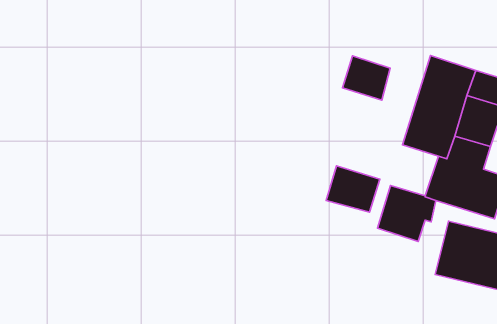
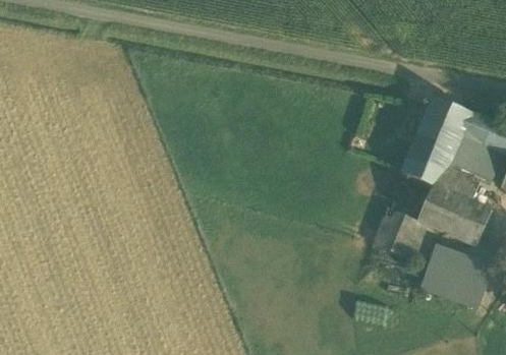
building: [342,56,390,100] -> none
building: [326,166,380,212] -> none

